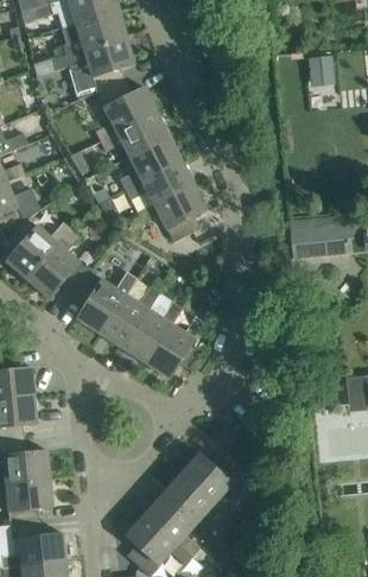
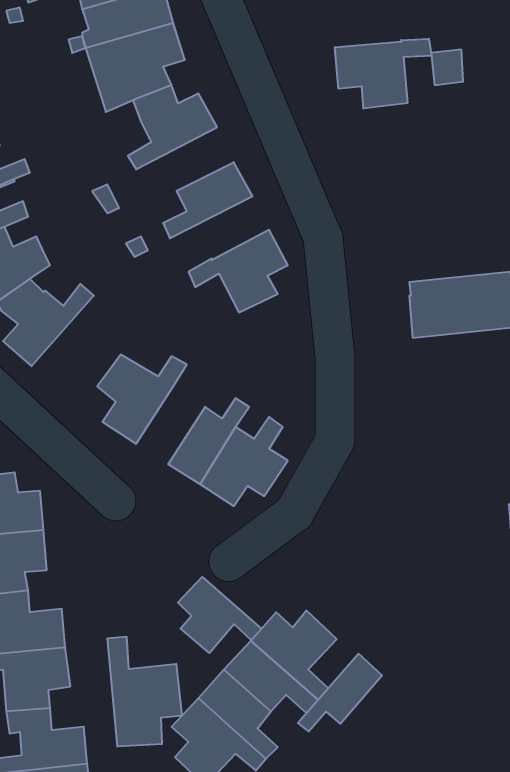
building: none -> [335,39,431,109]
building: [100,110,169,156] -> none
building: [123,159,193,204] -> none
building: [26,229,89,298] -> none
building: [100,286,158,348] -> none
building: none -> [178,577,261,653]
building: none -> [107,637,182,747]
building: none -> [298,654,382,731]

